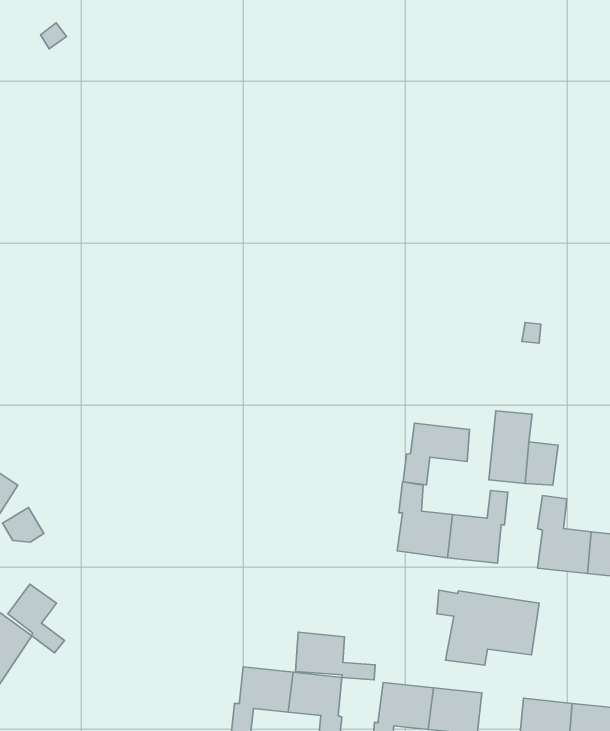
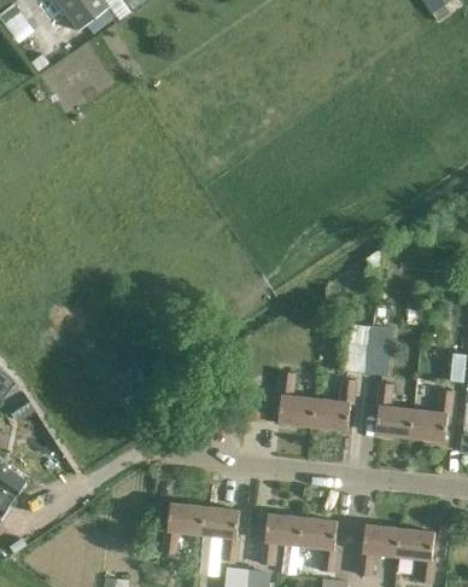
building: [403,423,470,485] -> none
building: [8,584,64,653] -> none
building: [437,590,539,665] -> none
building: [295,632,375,680] -> none

